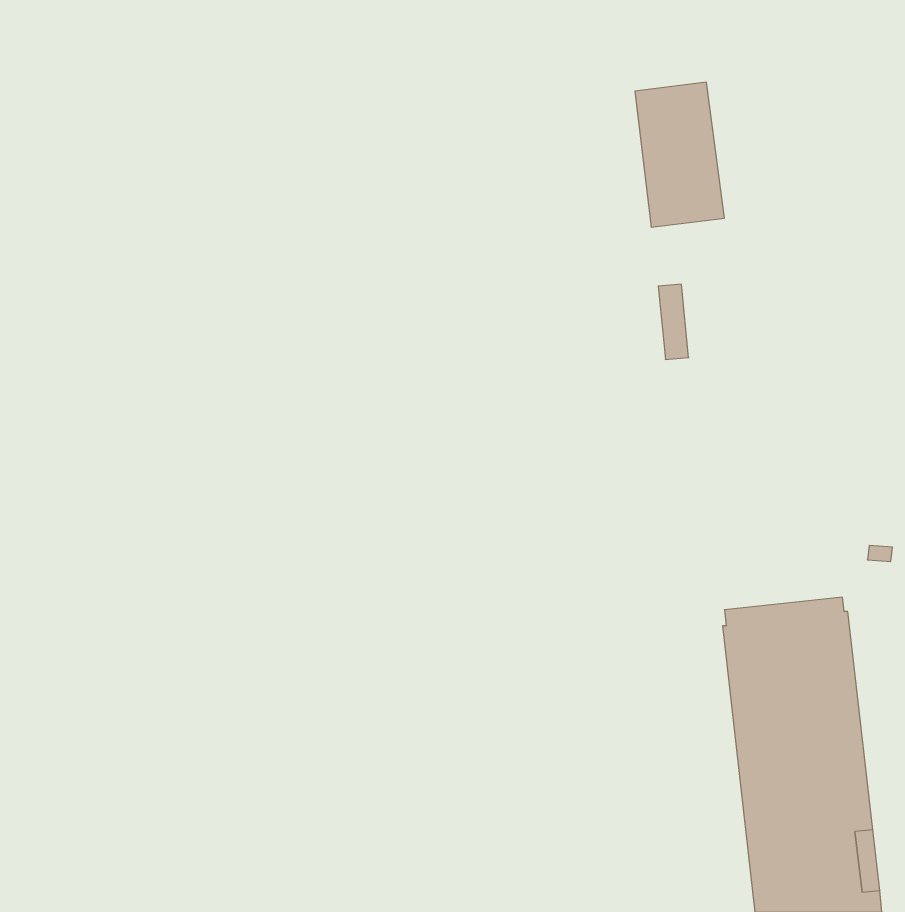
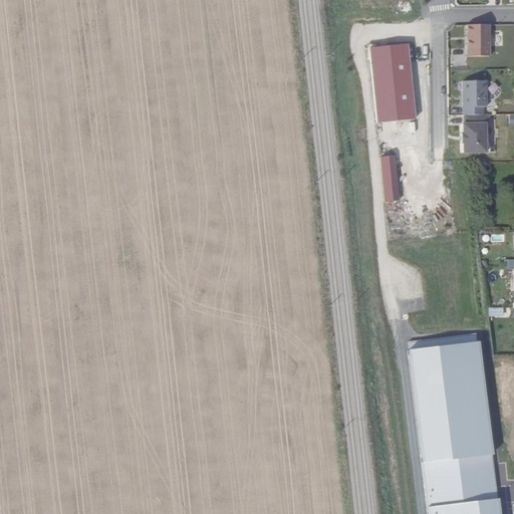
building: none -> [467,24,490,55]
building: none -> [464,81,488,107]
building: none -> [461,115,493,153]

